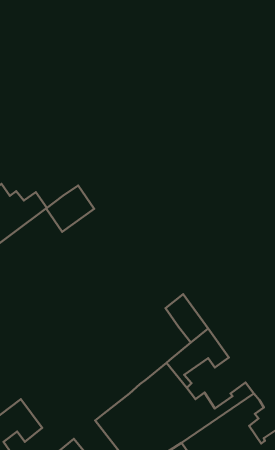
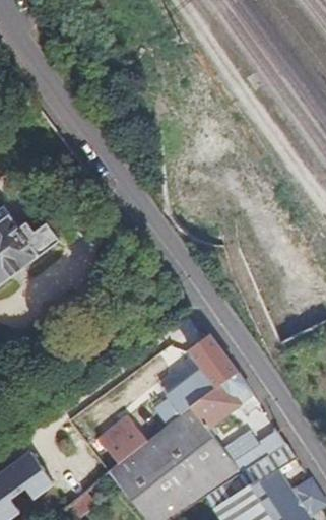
building: [46,185,94,232] -> none
building: none -> [157,370,214,428]
building: none -> [99,417,147,465]

